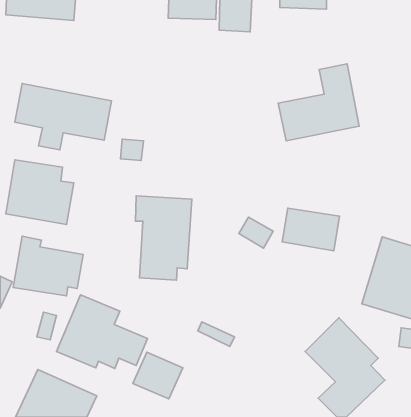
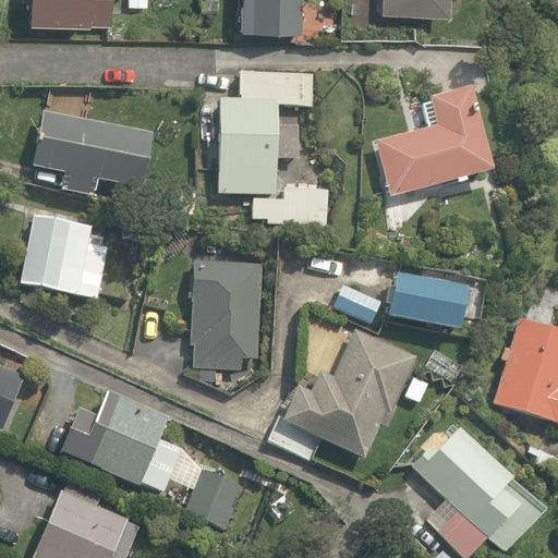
building: none -> [213,70,329,231]
building: [13,236,83,296] -> none
building: none -> [279,322,414,460]

